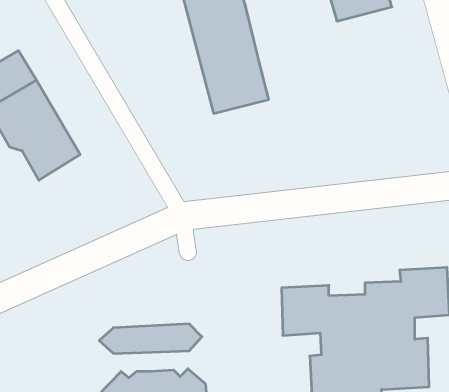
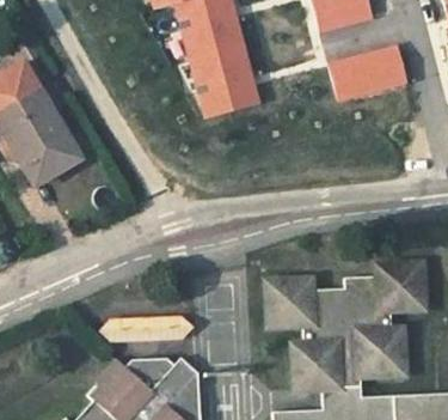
building: none -> [329,51,405,103]

